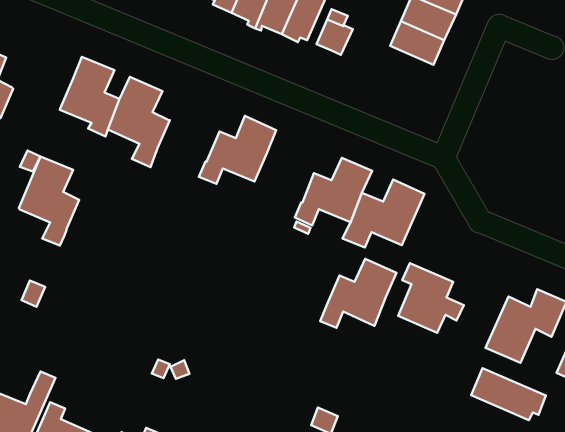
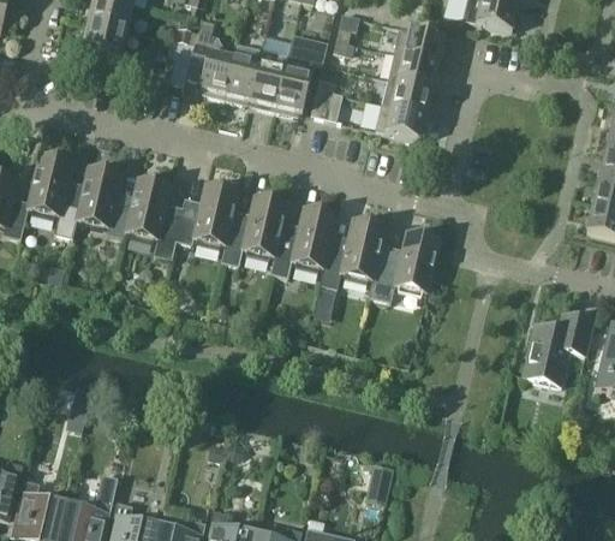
building: none -> [376,102,426,139]
building: none -> [177,182,239,244]
building: [19,157,79,245] -> [28,153,84,234]
building: [320,259,396,328] -> [271,204,336,275]
building: [398,263,464,333] -> none
building: [471,368,546,420] -> none

